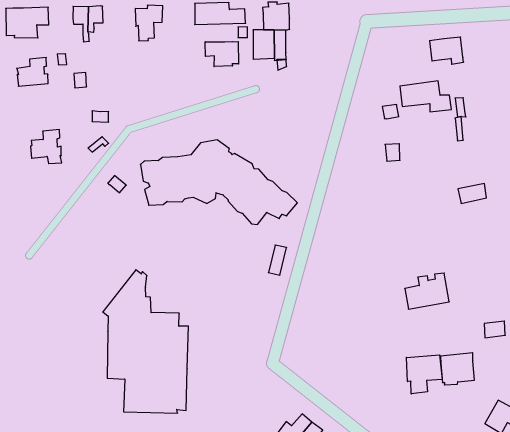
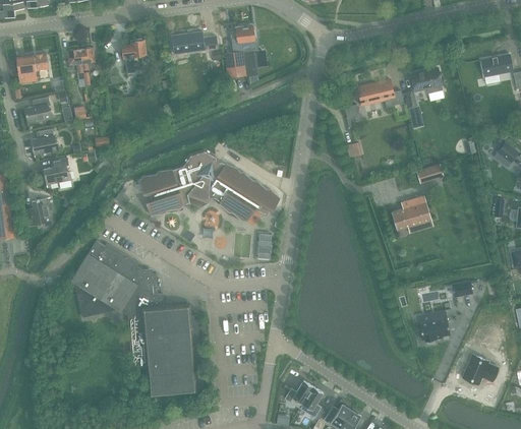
building: [430,37,464,64] -> [410,68,442,93]
building: [205,42,239,67] -> none
building: none -> [31,128,58,156]
building: none -> [25,198,51,226]
building: none -> [70,240,146,318]
building: [405,273,449,309] -> [390,195,429,230]
building: [406,355,442,394] -> none

